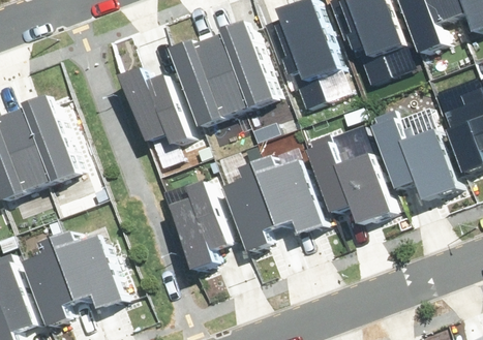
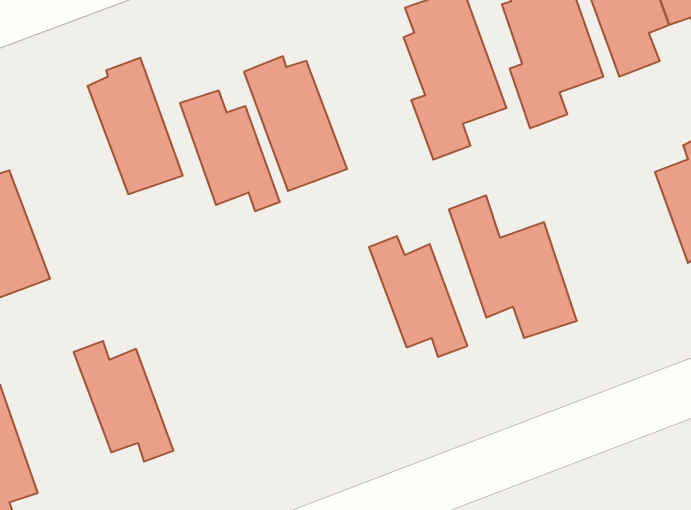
building: [210,24,273,114] -> none
building: [13,96,77,186] -> [87,58,183,194]
building: [372,112,457,206] -> none
building: [219,165,276,257] -> none
building: [174,181,230,273] -> none
building: [25,235,81,327] -> none

